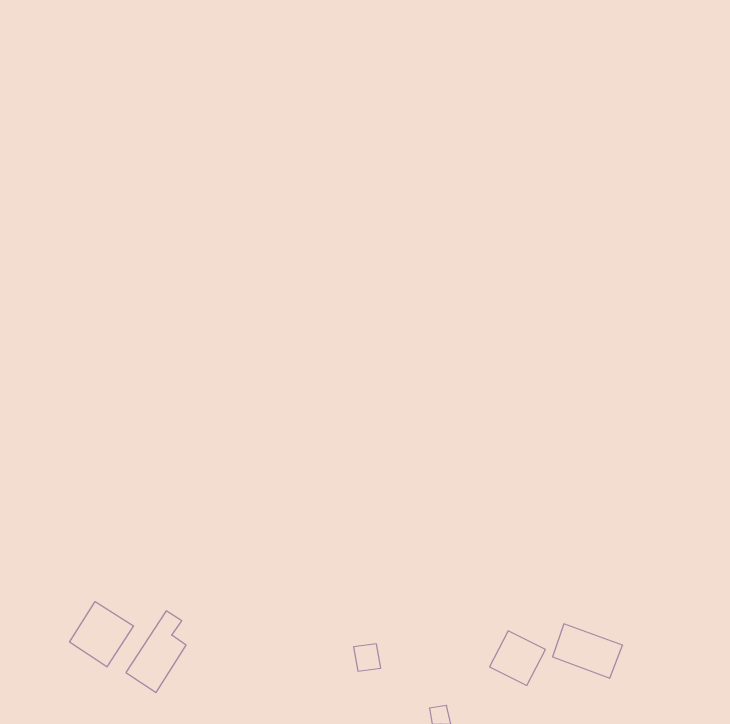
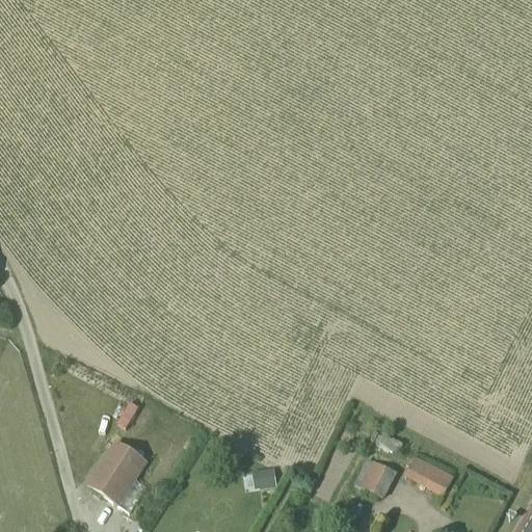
building: [70,602,134,667] -> none

